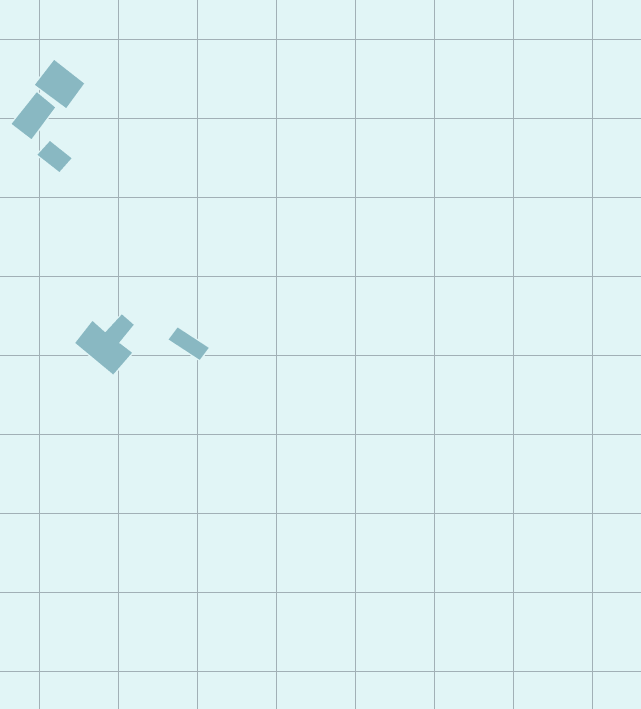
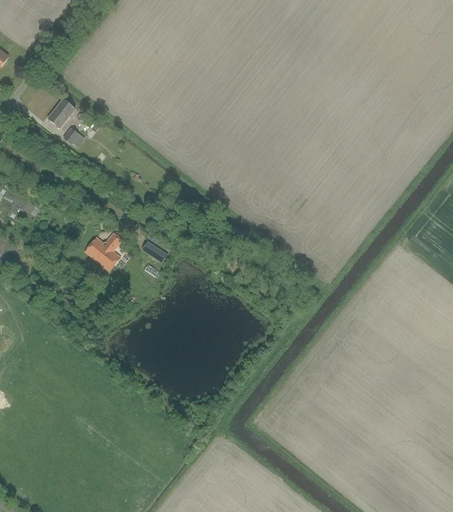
building: [34,59,85,109] -> none

